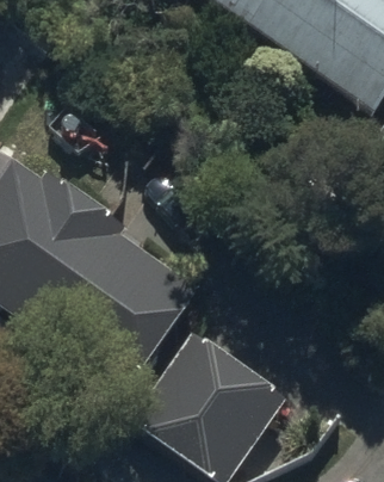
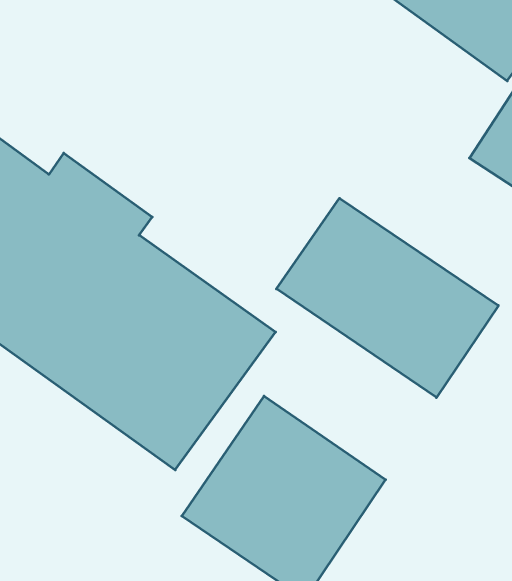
building: none -> [276,198,498,398]

